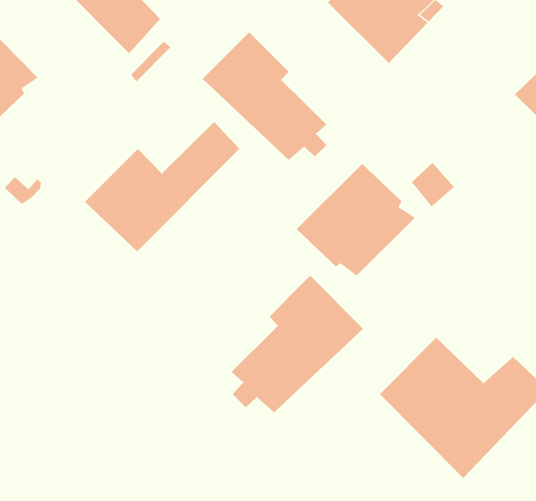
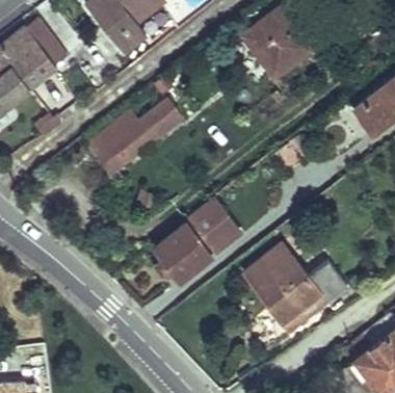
building: [202,31,327,161] -> none
building: [296,163,416,277] -> none

